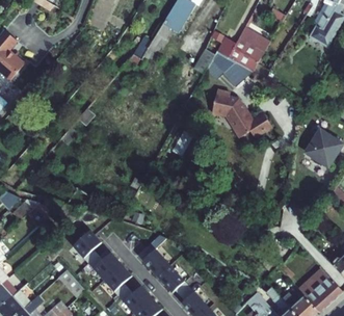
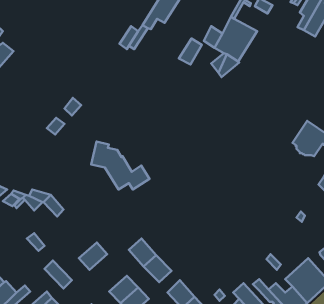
building: [212,89,270,137] -> [91,142,150,189]
building: [73,229,101,258] -> none
building: [103,263,132,291] -> none

